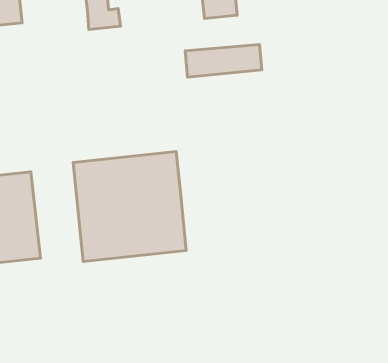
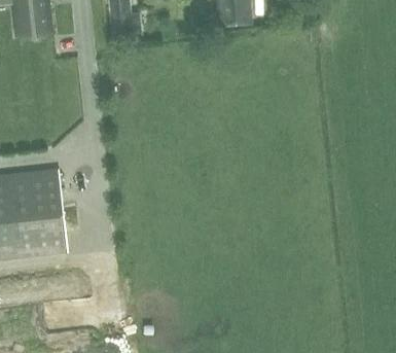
building: [185,44,262,77] -> none
building: [73,152,186,262] -> none

